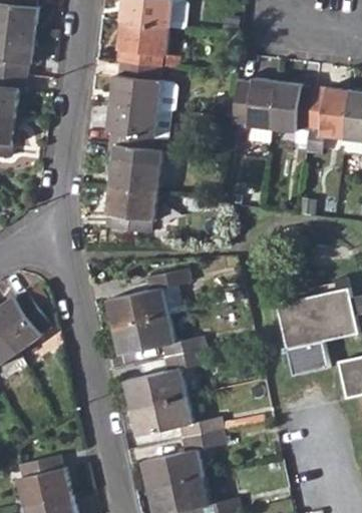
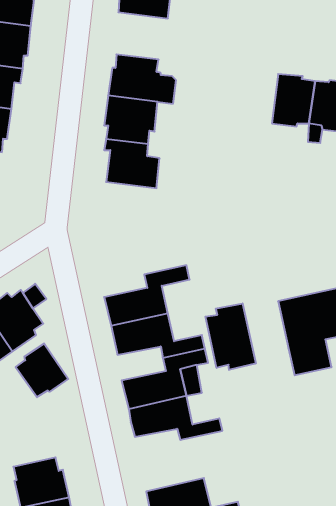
building: [117,21,169,67] -> none
building: [235,78,277,142] -> none
building: [106,186,158,231] -> none
building: none -> [205,303,256,370]
building: none -> [16,343,68,397]
building: [142,429,227,488] -> none

